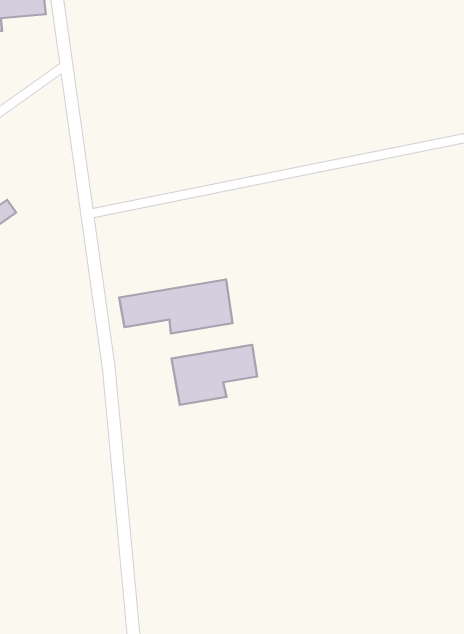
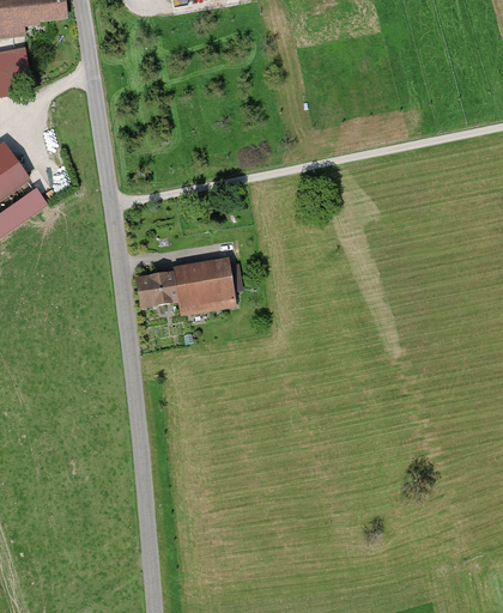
building: [171,345,257,405] -> none

